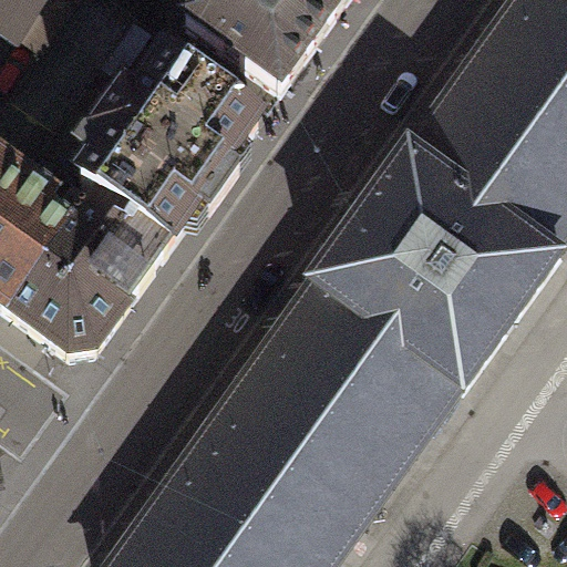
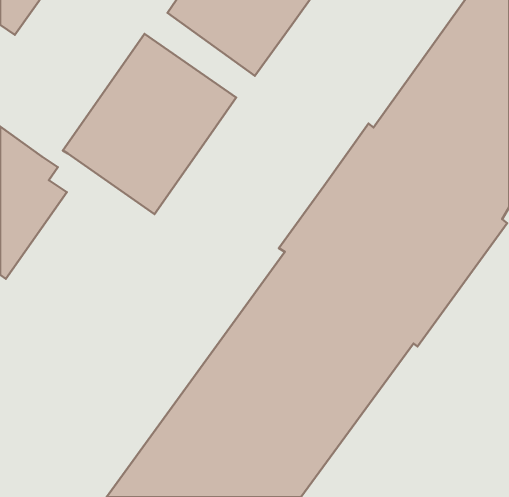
building: [7,171,172,354] -> none

